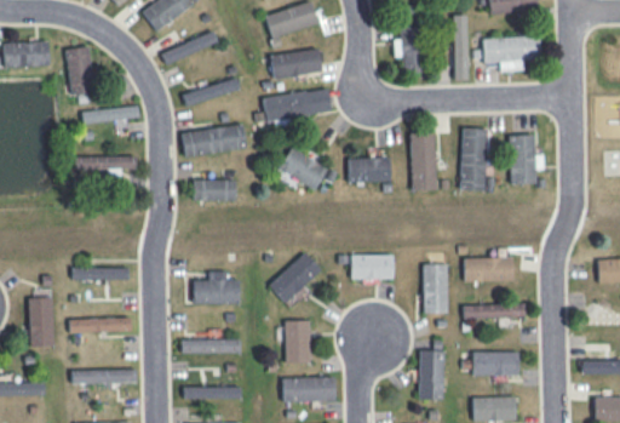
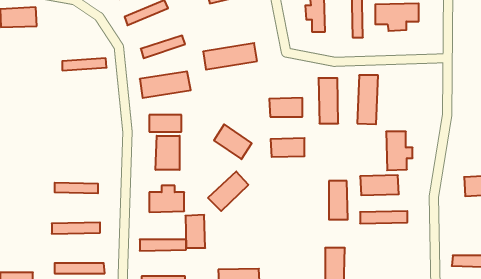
building: [64,46,93,95] -> none
building: [271,50,322,78] -> none
building: [509,135,542,184] -> [386,132,413,170]
building: [279,145,327,190] -> [214,124,252,159]
building: [75,156,137,177] -> none
building: none -> [156,136,180,170]
building: [350,255,394,279] -> [271,138,305,157]
building: [28,297,53,347] -> none
building: [285,320,310,362] -> [185,215,205,248]
building: [472,351,518,376] -> none

